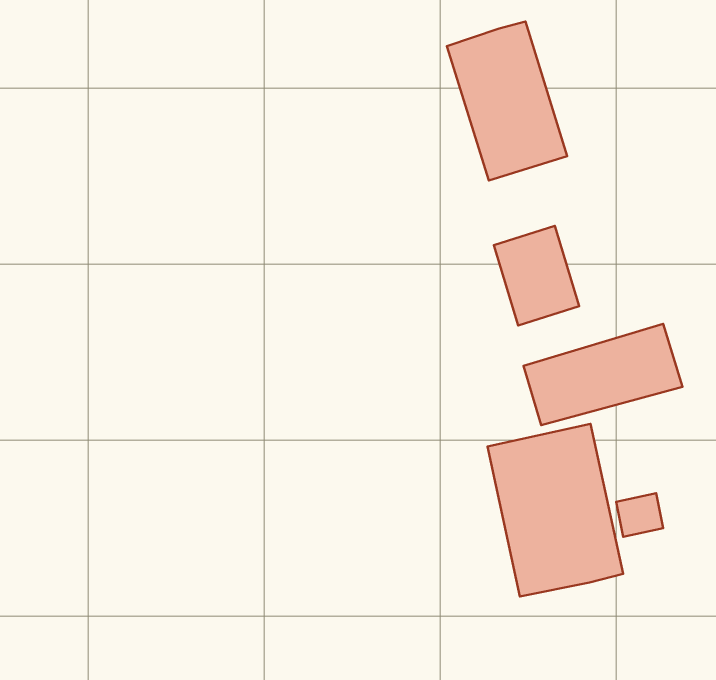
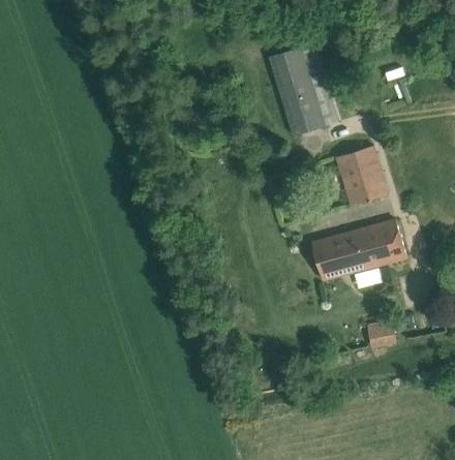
building: [494,226,579,325] -> [337,146,388,205]
building: [487,424,623,596] -> none

